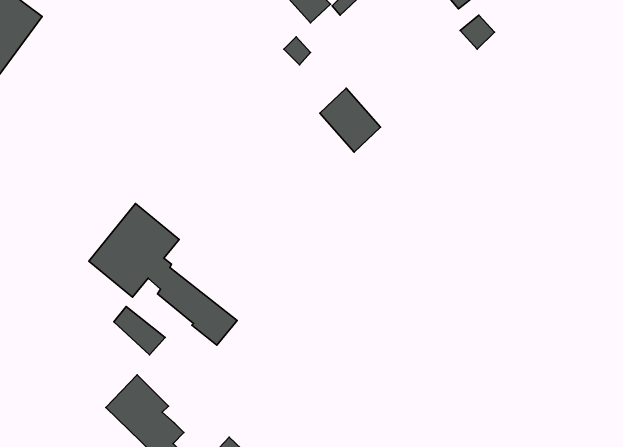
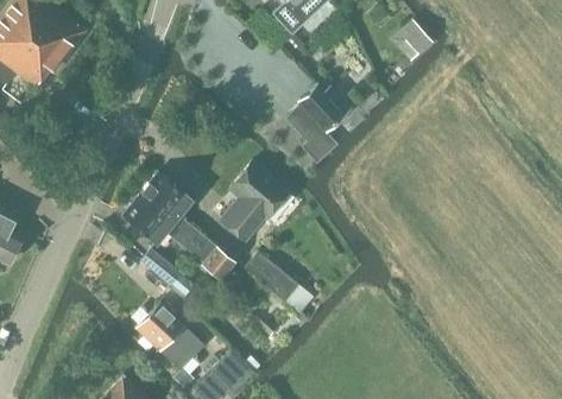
building: none -> [292,109,336,160]
building: none -> [221,162,290,241]
building: none -> [245,252,314,315]

